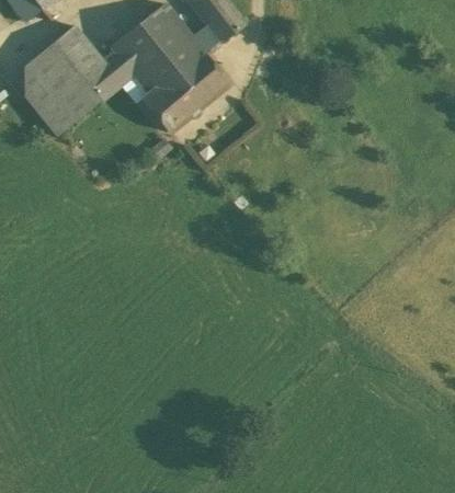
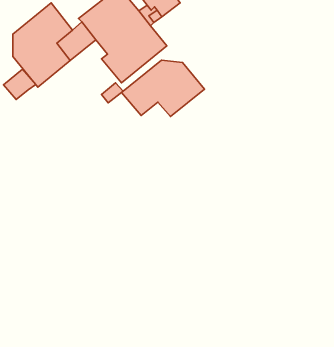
building: none -> [122,60,204,117]
building: none -> [3,69,36,100]

